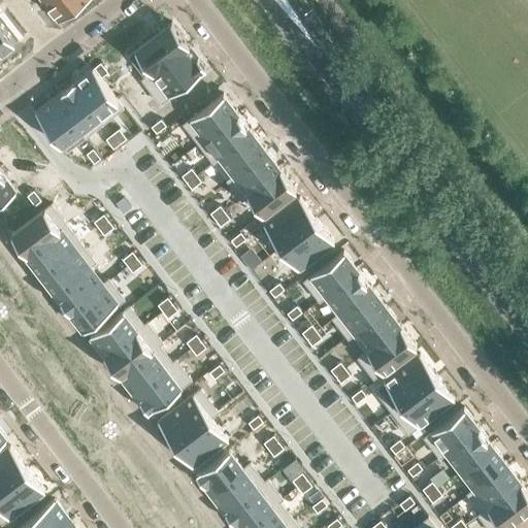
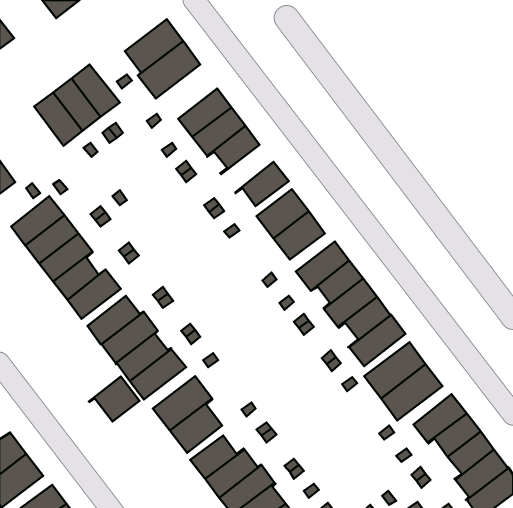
building: [227,155,280,203] -> none
building: none -> [89,377,140,421]

